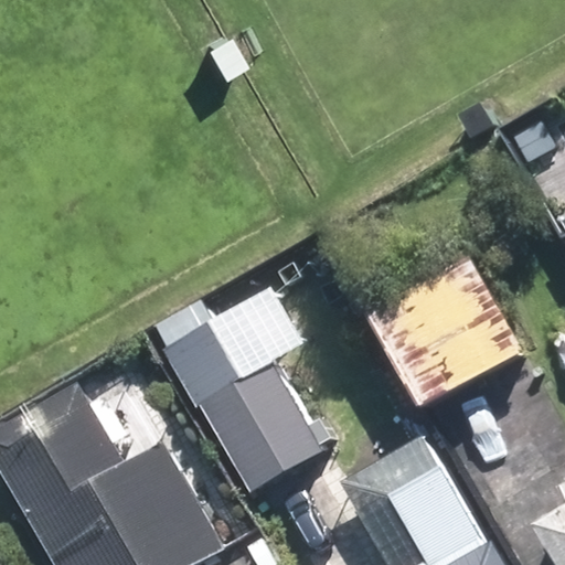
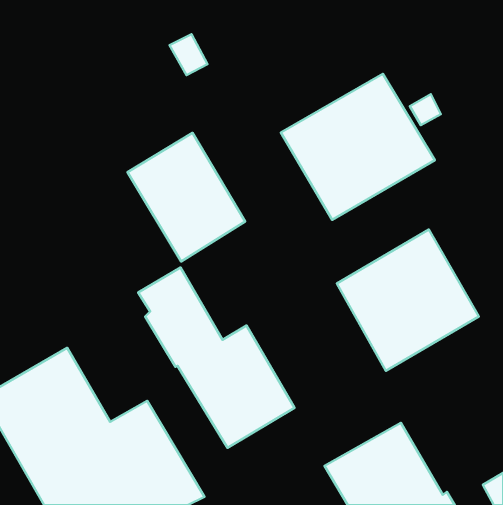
building: none -> [281,74,435,220]
building: none -> [128,133,245,261]

